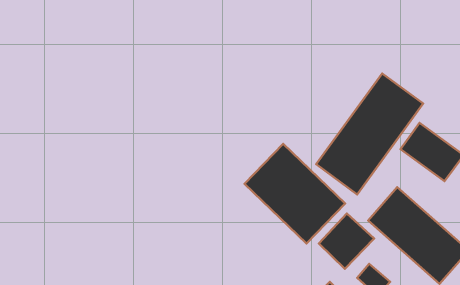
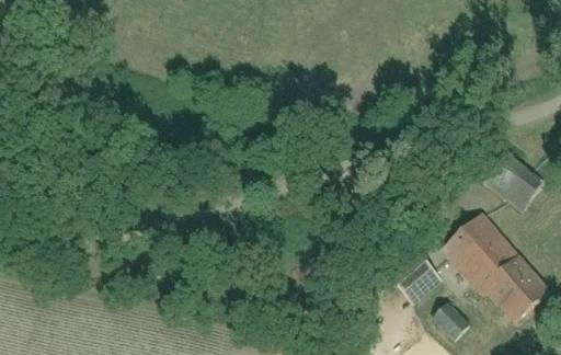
building: [316,73,423,194] -> none
building: [245,144,345,243] -> none

